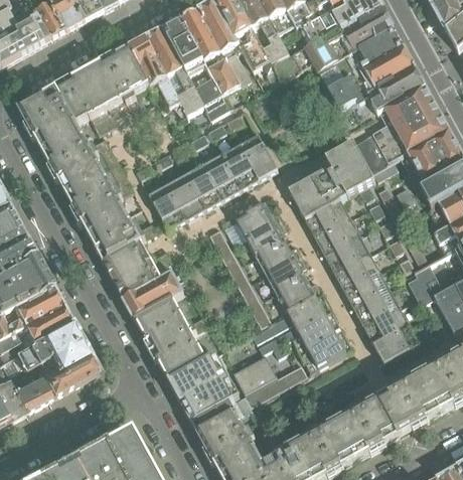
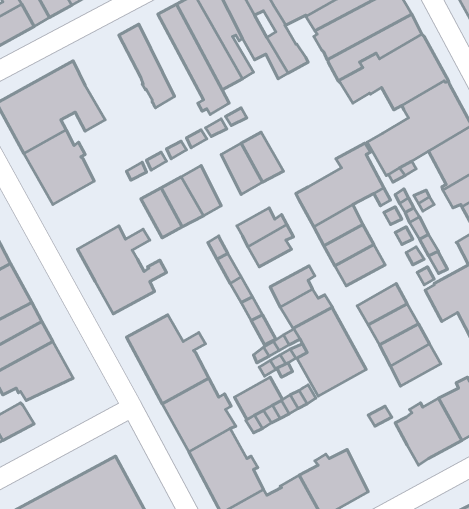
building: [147,26,205,115] -> none
building: [88,45,149,122] -> none
building: [203,153,240,199] -> none
building: [69,177,129,238] -> none
building: [256,238,301,273] -> none
building: [334,253,379,290] -> none
building: [124,271,183,318] -> none
building: [42,355,97,396] -> none
building: [335,395,400,458] -> none

